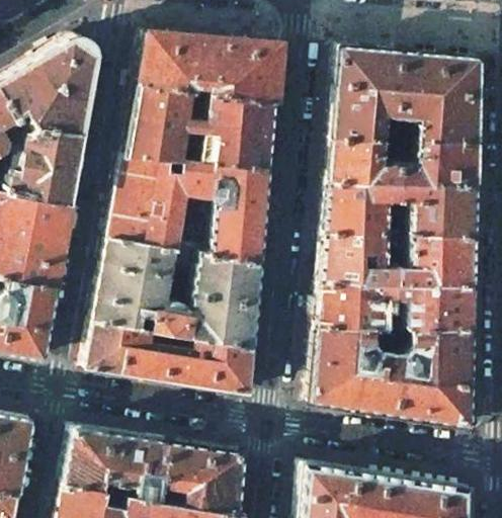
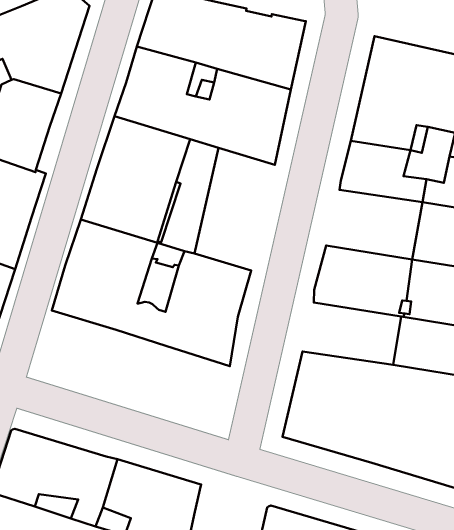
building: [212,162,270,264] -> none
building: [324,184,402,236] -> none
building: [316,284,397,329] -> none
building: [86,322,255,395] -> none

